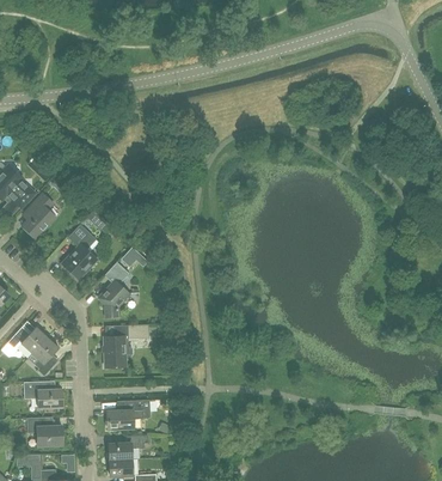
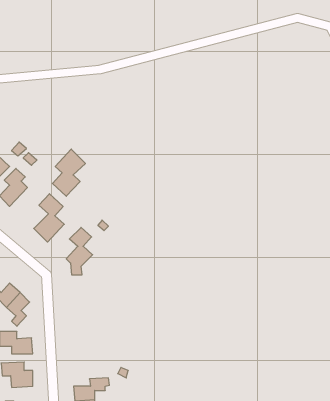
building: none -> [52,149,85,196]
building: [104,323,148,367] -> none
building: [106,400,151,428] -> none

